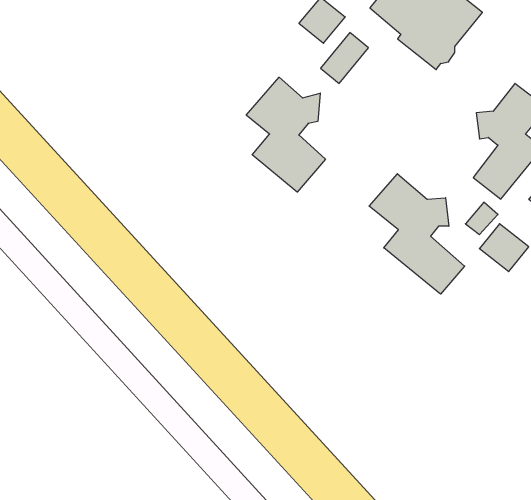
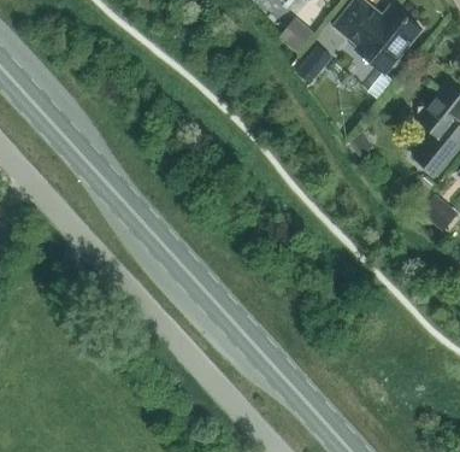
building: [246,77,325,192] -> none
building: [369,174,465,294] -> none

